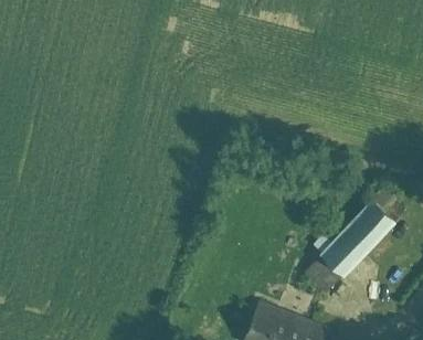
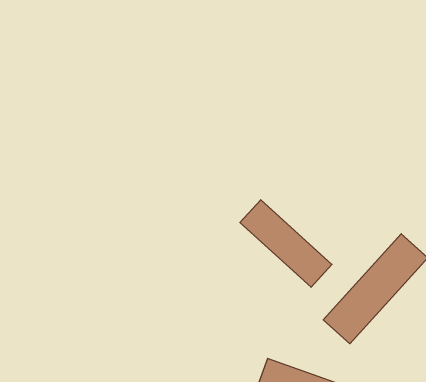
building: none -> [240,200,332,287]

